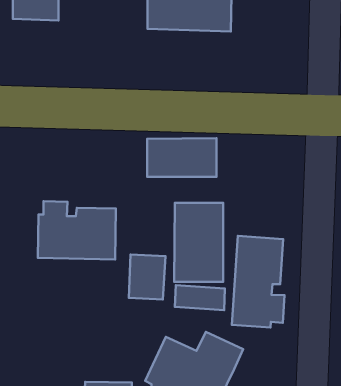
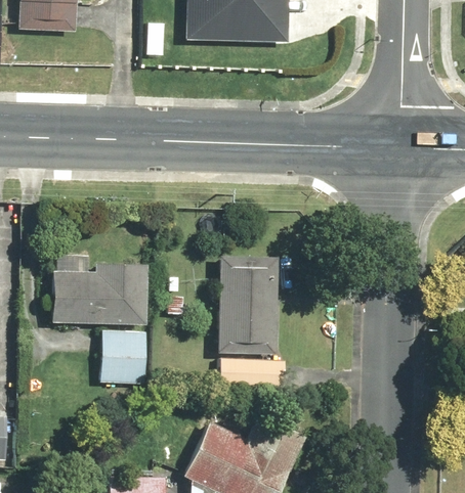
building: [147,138,216,177] -> none
building: [232,236,284,327] -> none
building: [129,255,165,300] -> [101,329,146,385]

